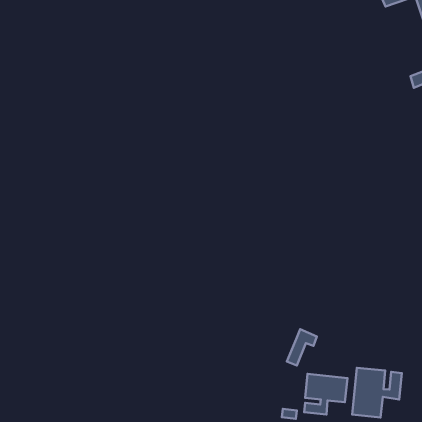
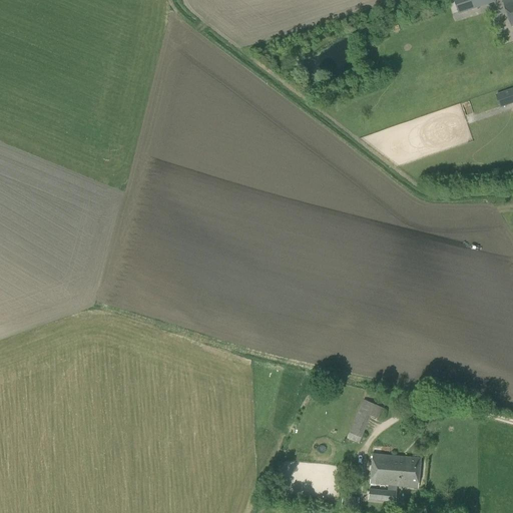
building: [352,368,402,417] -> none

